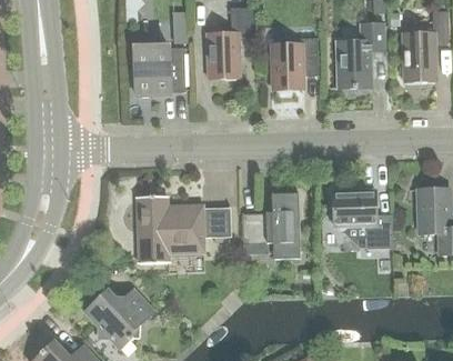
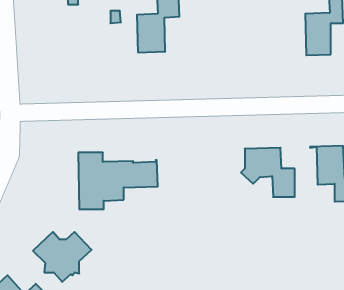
building: [330,22,384,88] -> none
building: [272,38,318,89] -> none
building: [133,42,185,93] -> none
building: [242,192,300,259] -> none

